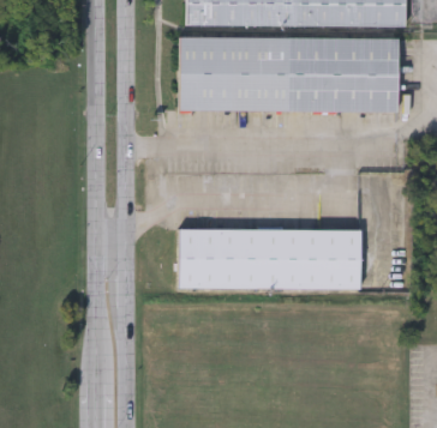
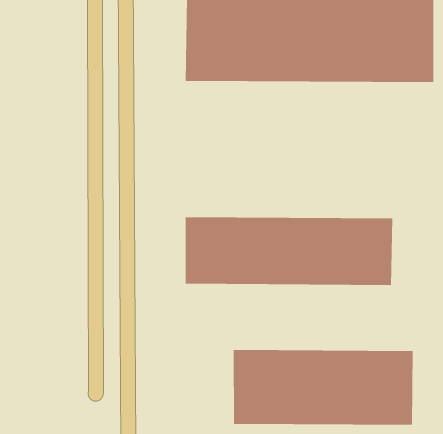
building: none -> [233,349,413,426]

